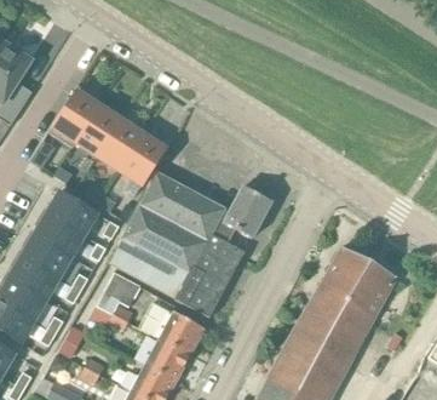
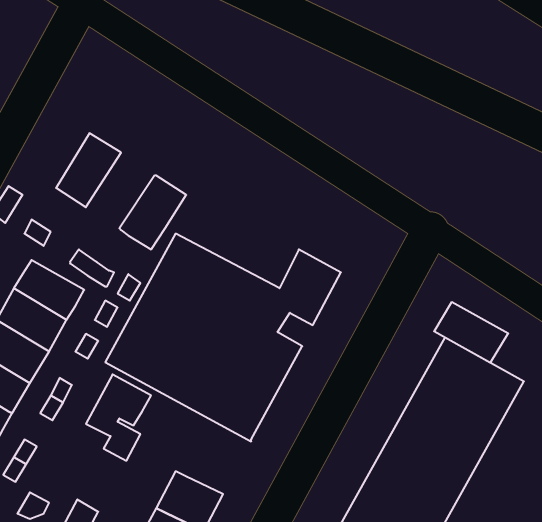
building: [50,91,99,148] -> none
building: [97,120,144,171] -> none
building: none -> [434,302,508,363]
building: [159,312,206,354] -> none

